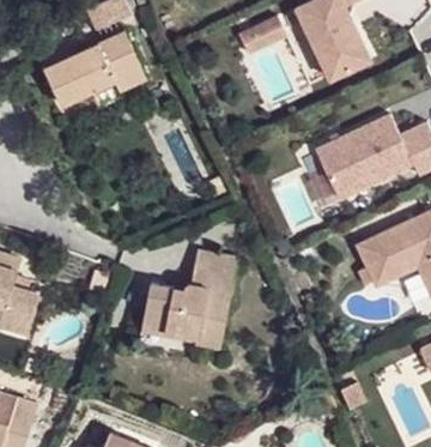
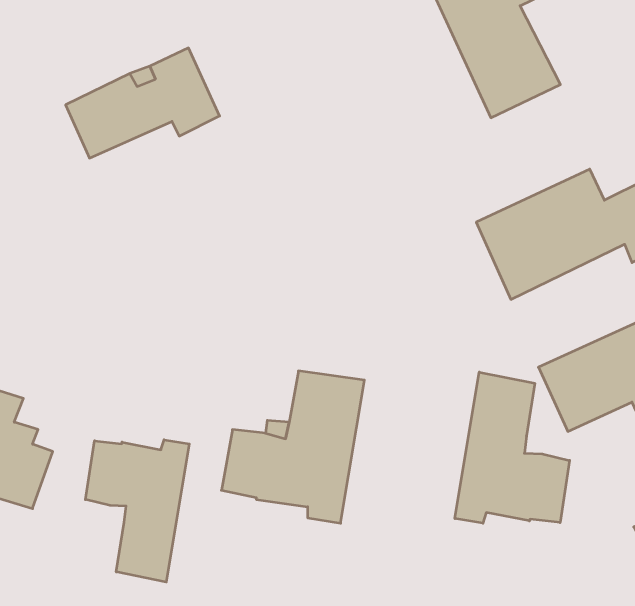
building: [235,14,284,56] -> none
building: none -> [455,372,570,523]
building: none -> [85,440,189,582]

